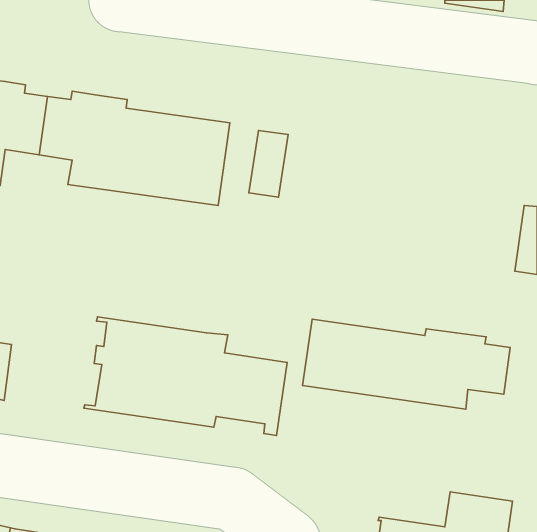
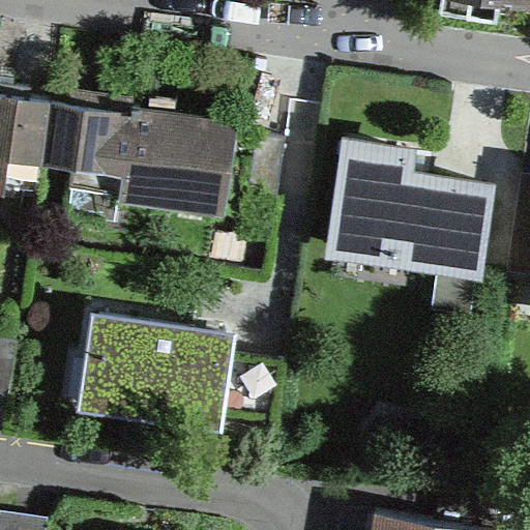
building: none -> [329,147,483,272]
building: [303,319,510,409] -> none

